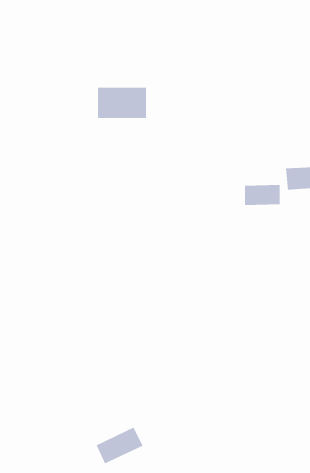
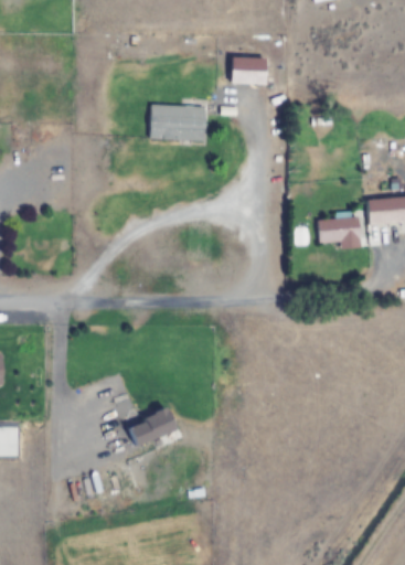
building: none -> [232,57,269,84]
building: [96,427,143,464] -> [127,407,182,450]

